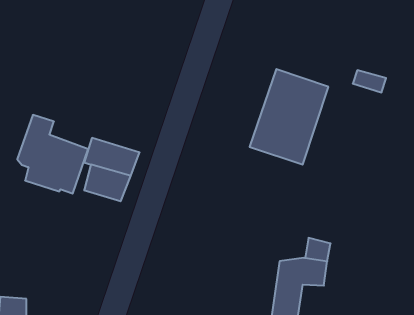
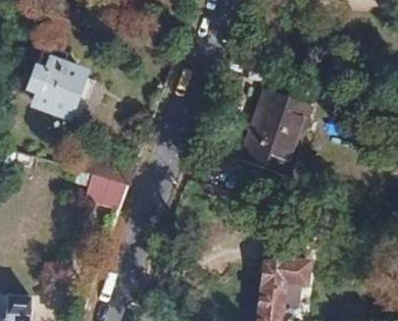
building: [17,115,88,194] -> [30,45,95,117]

